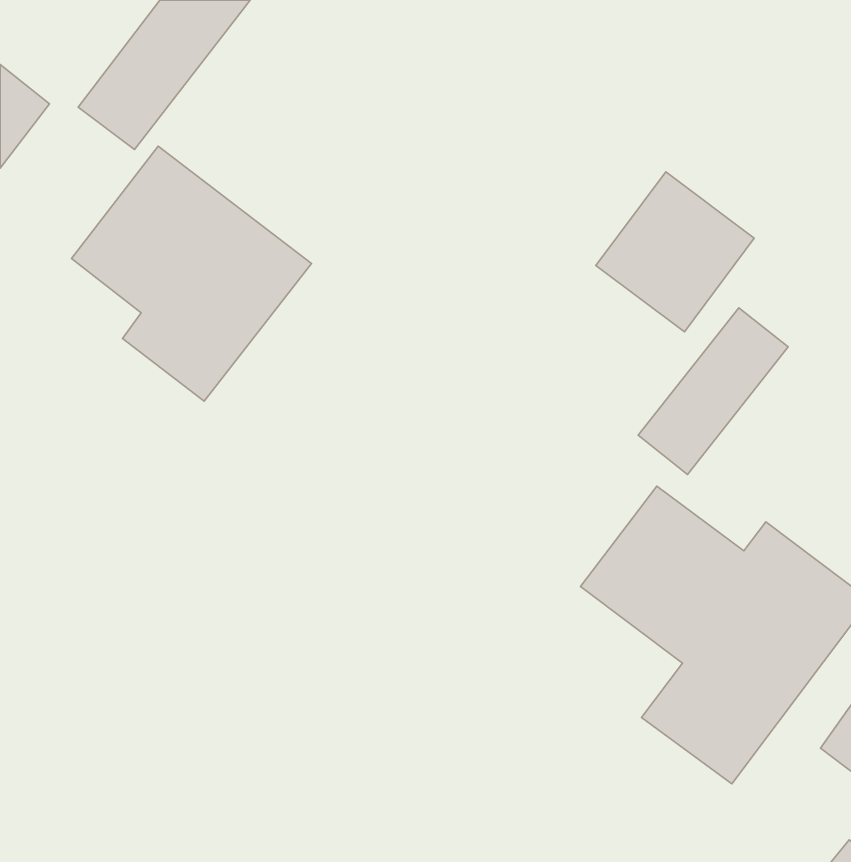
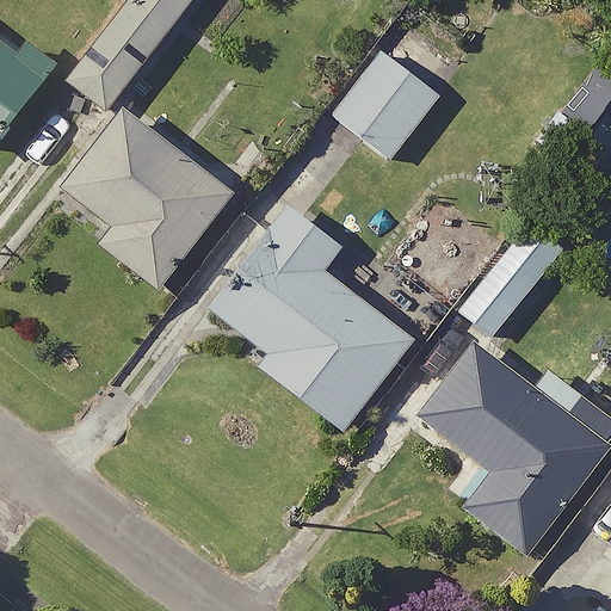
building: [596,172,754,332] -> [332,49,443,161]
building: none -> [205,205,412,428]

